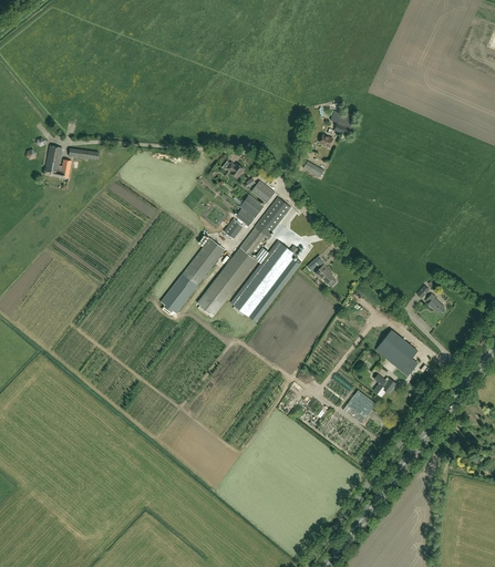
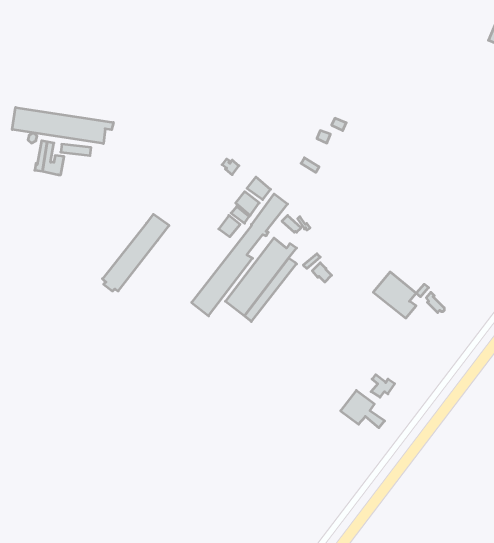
building: none -> [12,107,113,144]
building: [159,237,225,312] -> [102,214,169,291]
building: [374,329,416,374] -> [373,272,416,318]

